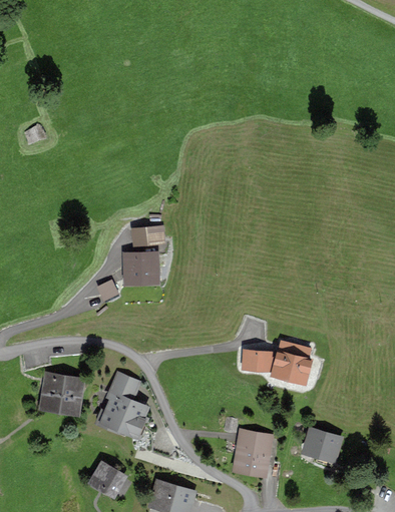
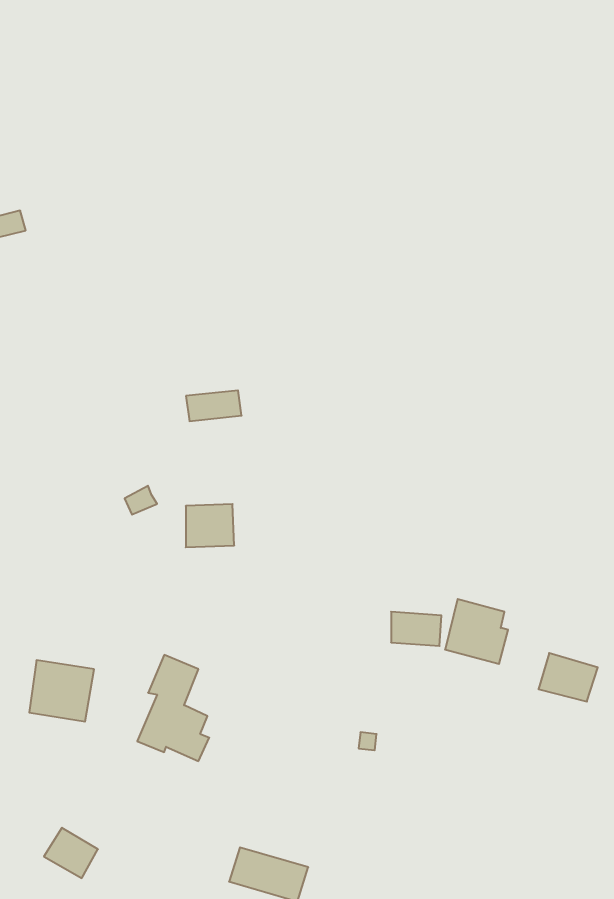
building: [125,257,152,281] -> [186,504,234,547]
building: [307,430,340,457] -> [538,653,598,702]
building: [238,433,276,471] -> none
building: [92,466,122,494] -> [44,828,98,878]

